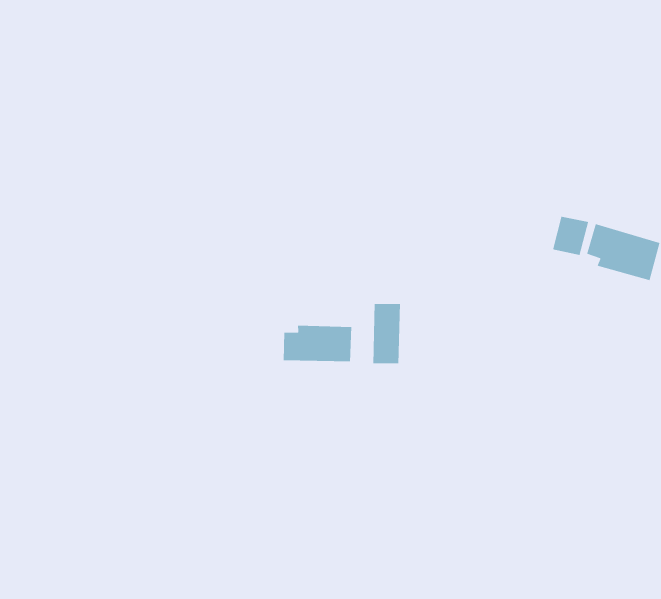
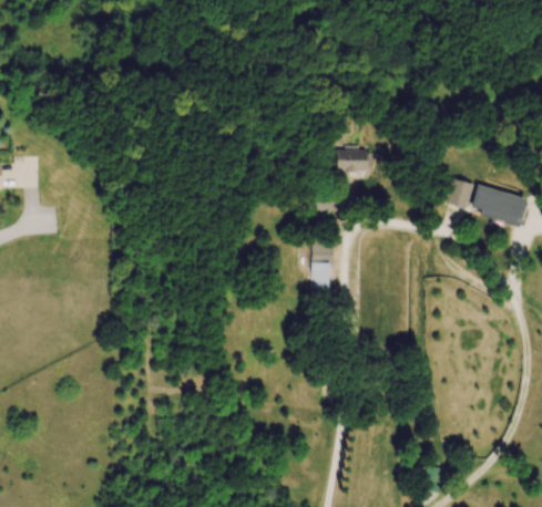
building: none -> [337,149,370,175]
building: [283,325,352,362] -> none

